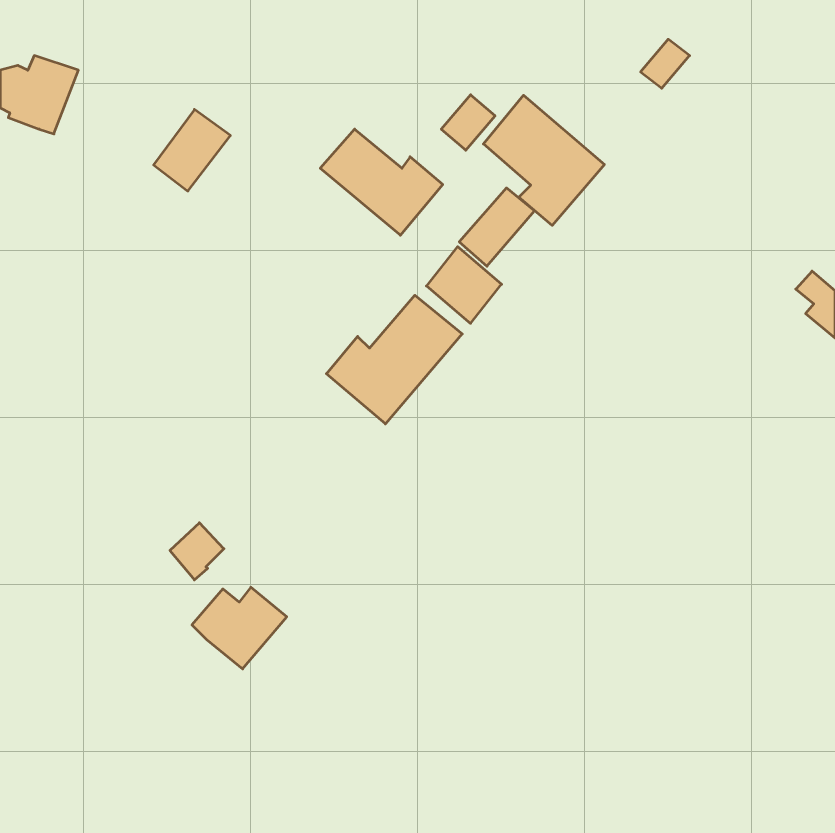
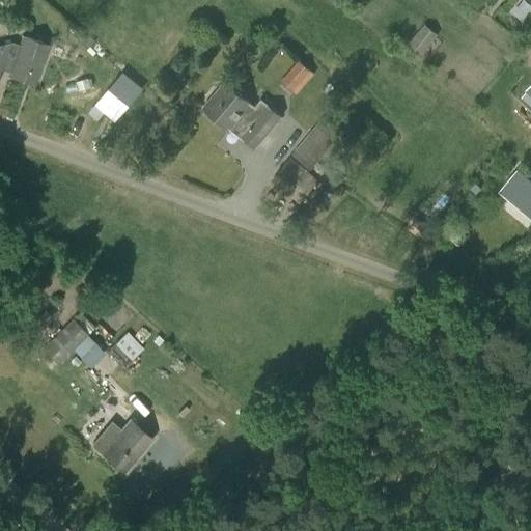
building: [483,95,604,225] -> none
building: [326,295,462,424] -> none
building: none -> [43,319,103,367]
building: [192,587,287,669] -> [91,421,151,473]

